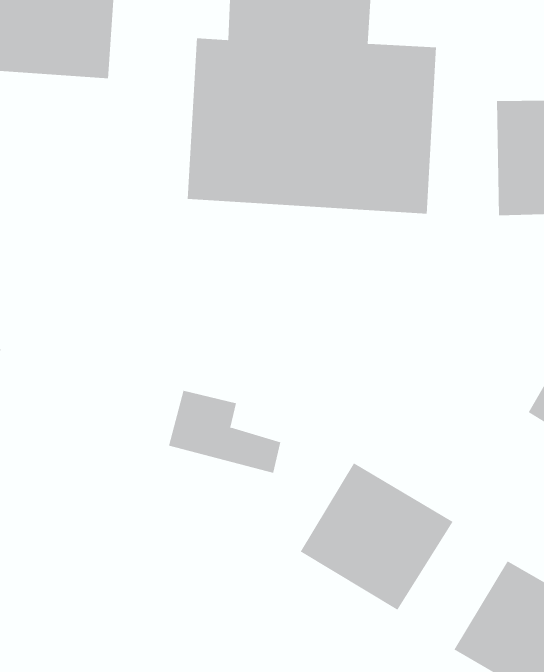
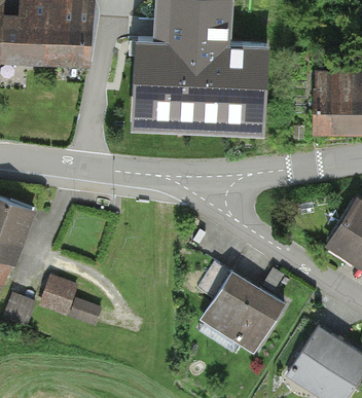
building: [168,390,281,474] -> [43,272,106,318]

